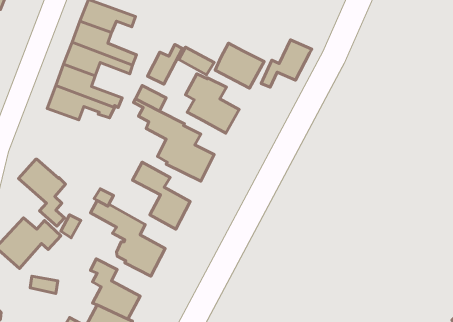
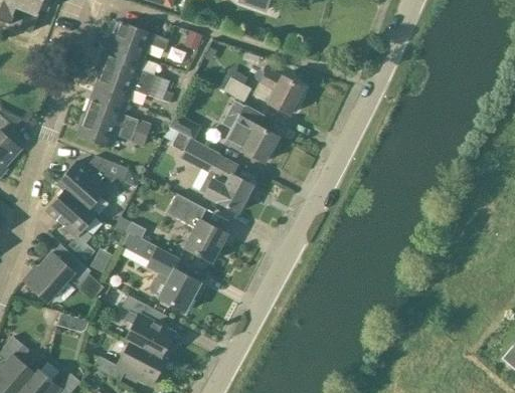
building: [261,40,312,87] -> none
building: [147,44,182,84] -> none
building: none -> [57,155,142,210]

